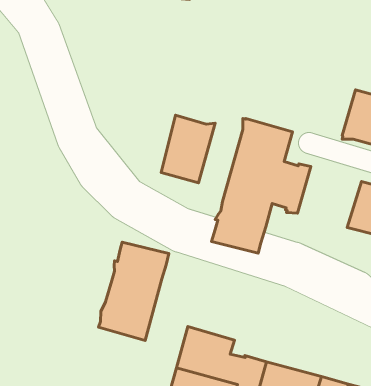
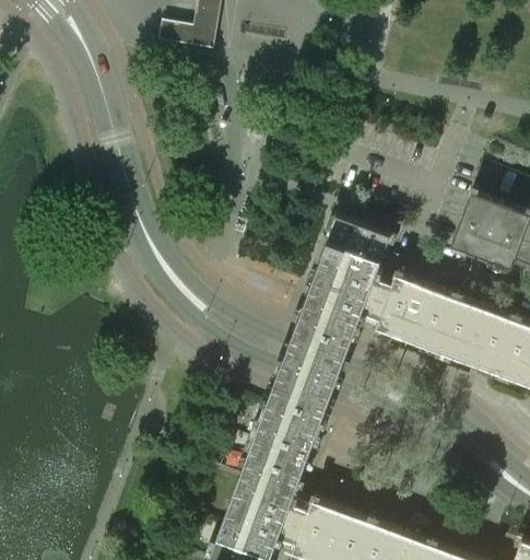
building: [161,115,215,183] -> none
building: none -> [389,281,469,358]
building: [98,242,169,340] -> [246,361,338,481]

